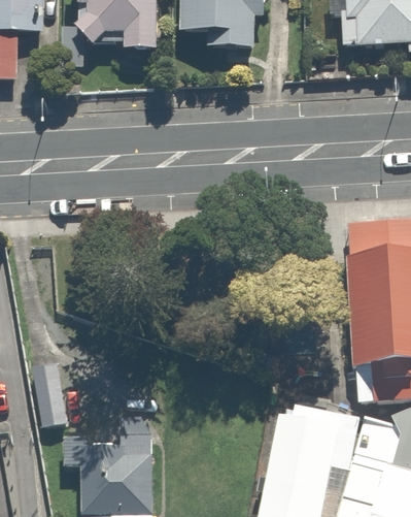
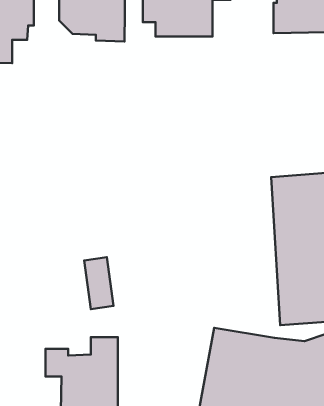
building: [31,357,67,421] -> [84,257,114,309]

